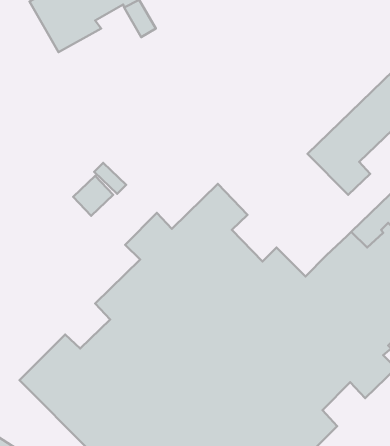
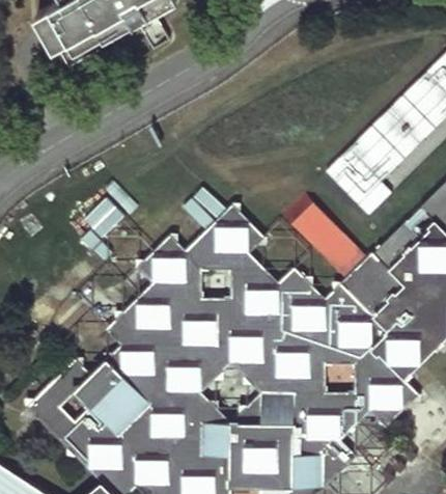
building: none -> [292,200,368,278]

